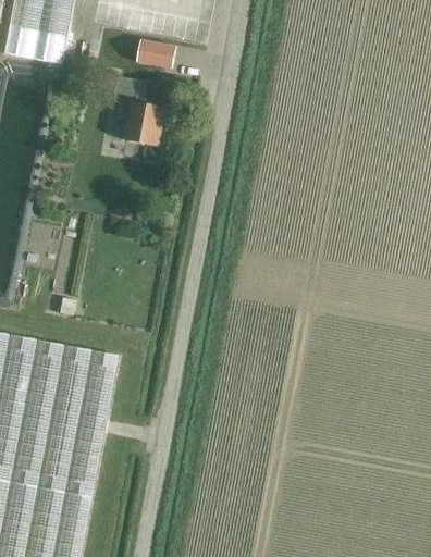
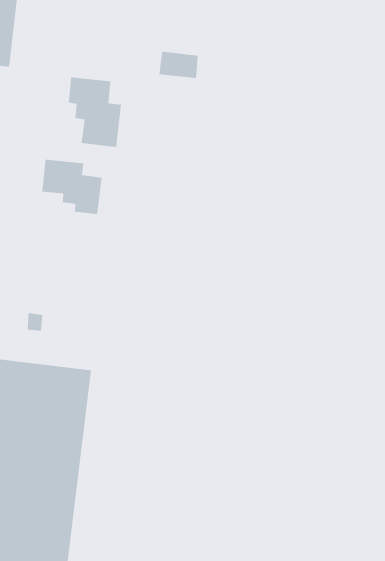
building: [137,40,176,69] -> [158,51,199,79]
building: none -> [42,159,102,215]

